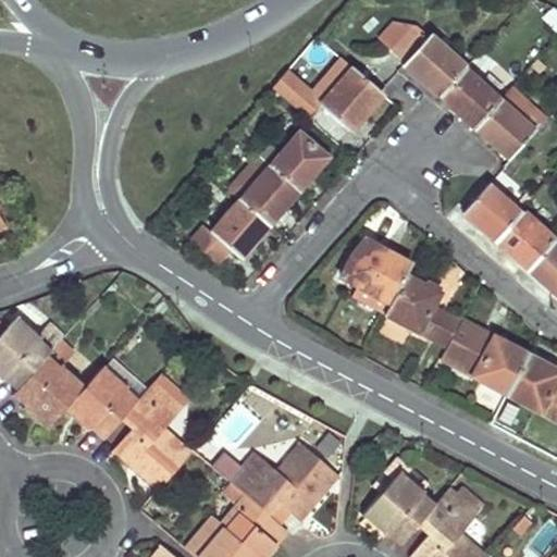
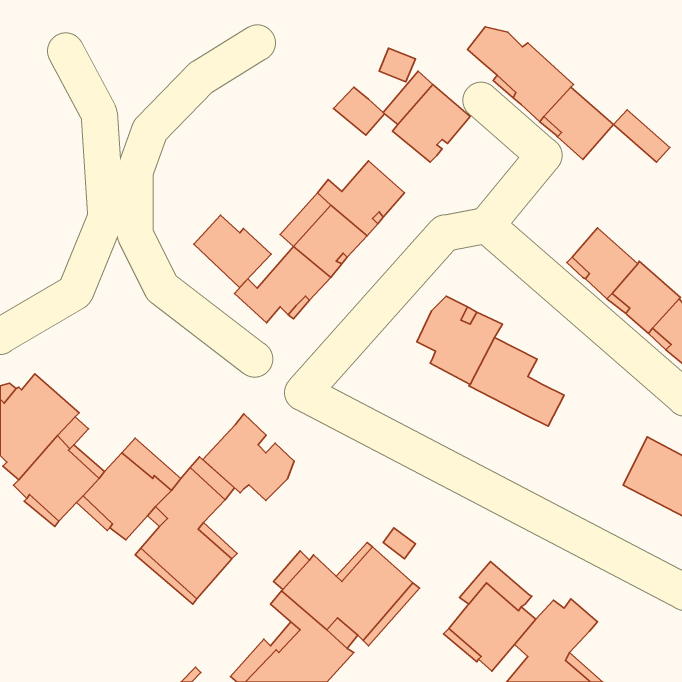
building: [475,101,535,160] -> none
building: none -> [194,215,271,288]
building: [441,319,528,394] -> none
building: none -> [203,414,294,500]

